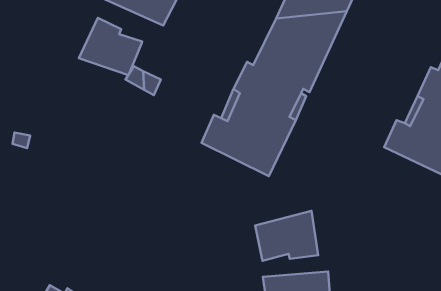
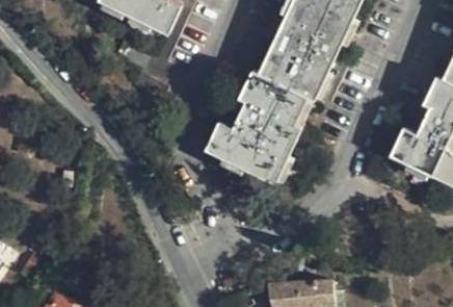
building: [79,18,142,75] -> none
building: [255,211,318,261] -> none

